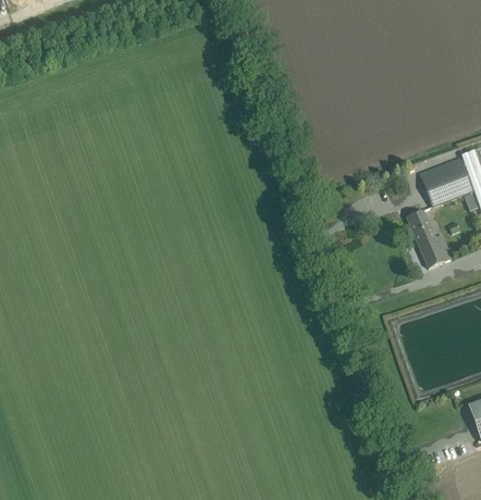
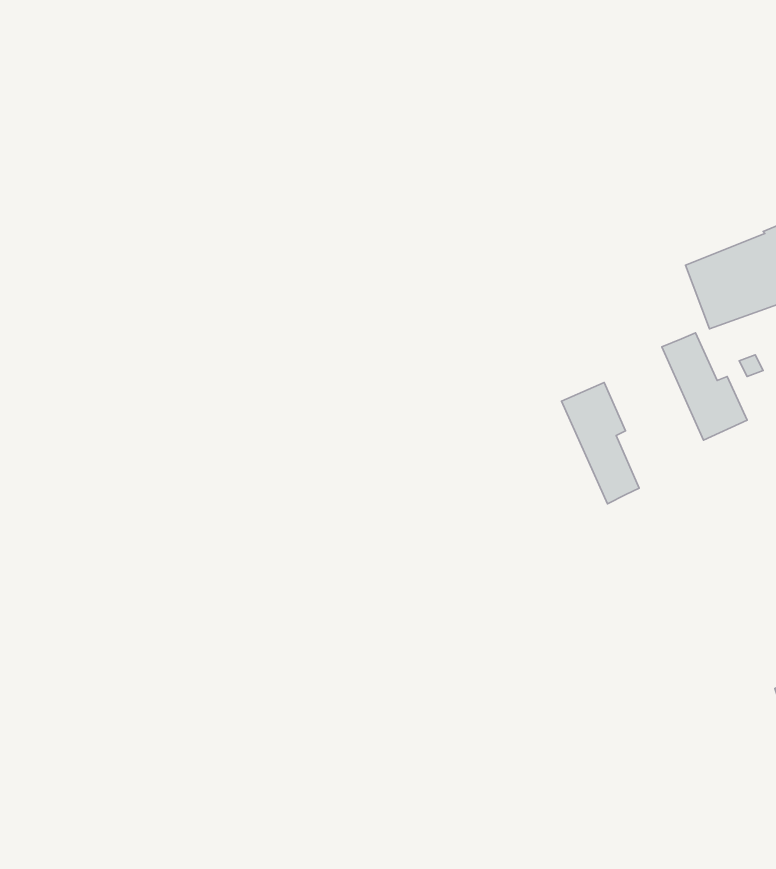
building: none -> [562,382,639,504]

